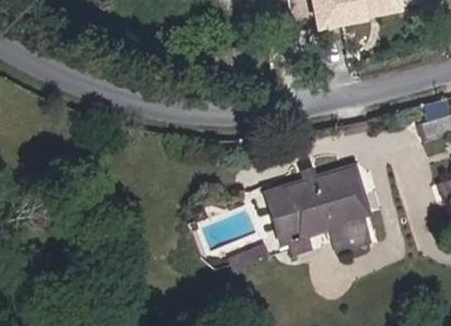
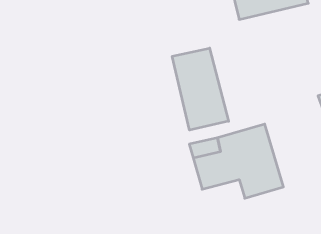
building: none -> [172,48,229,130]

